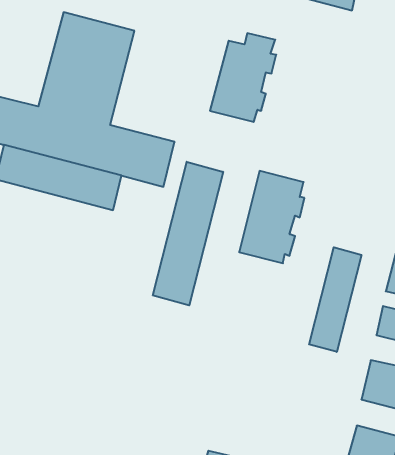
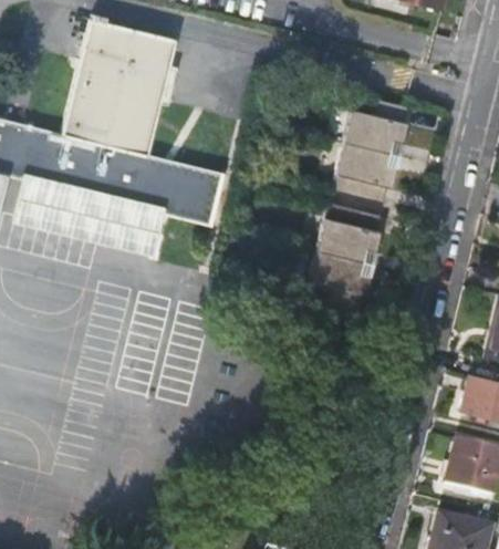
building: [210,33,276,122] -> [328,106,406,211]
building: [153,162,223,305] -> none
building: [309,247,361,352] -> none

